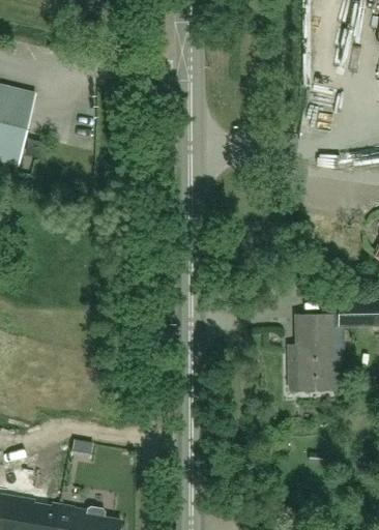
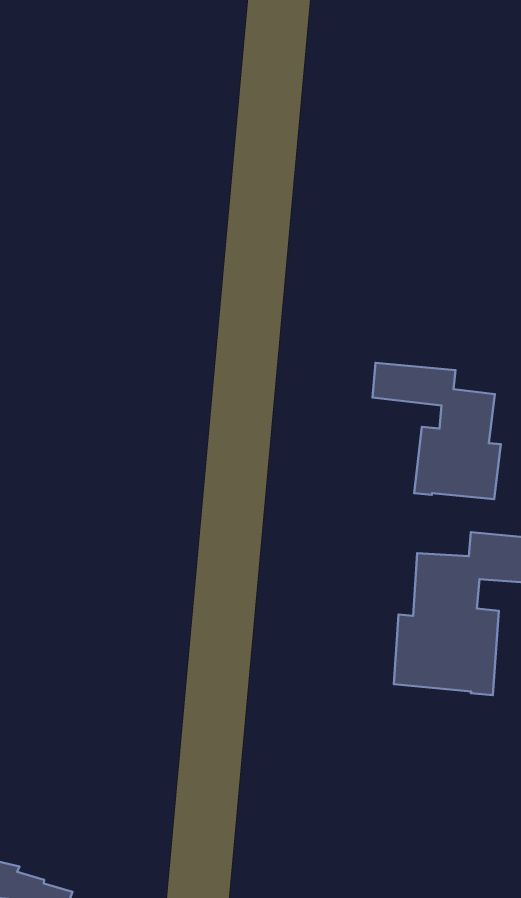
building: none -> [372,363,501,499]

